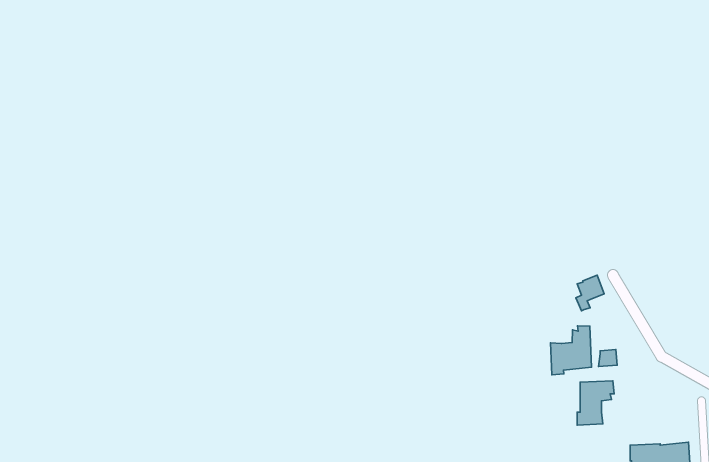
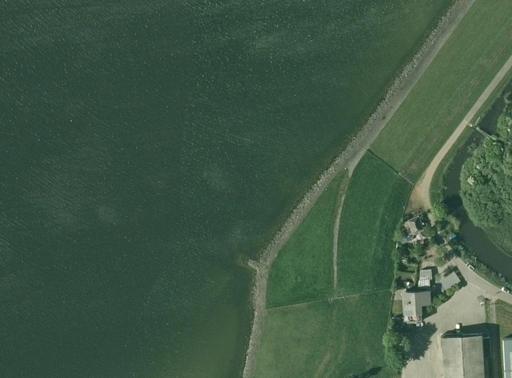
building: [551,326,592,375] -> none

